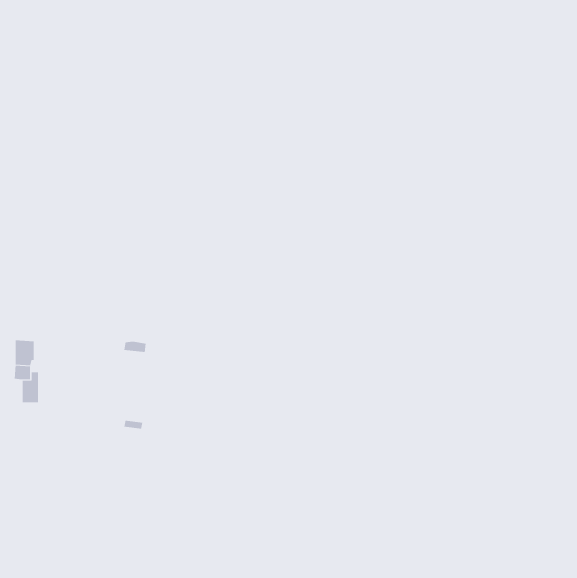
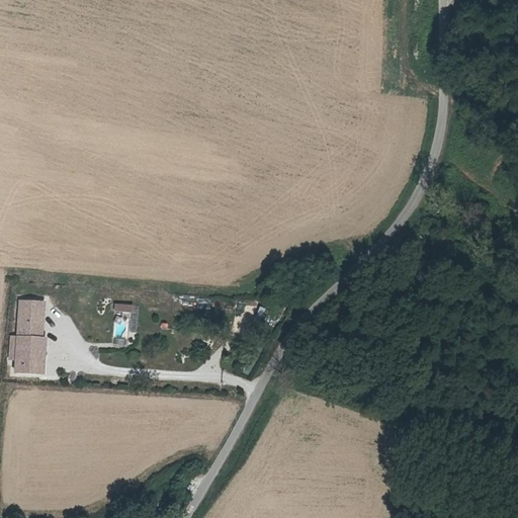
building: none -> [18,335,36,373]

